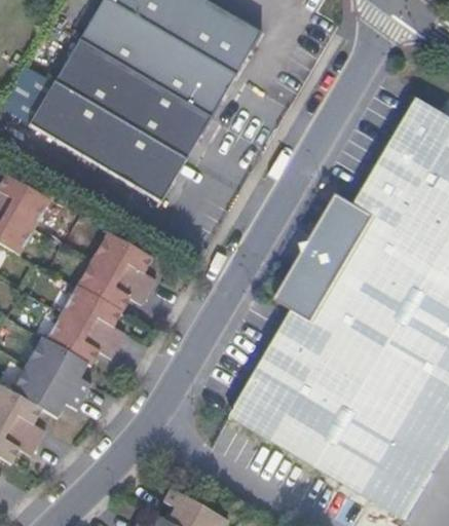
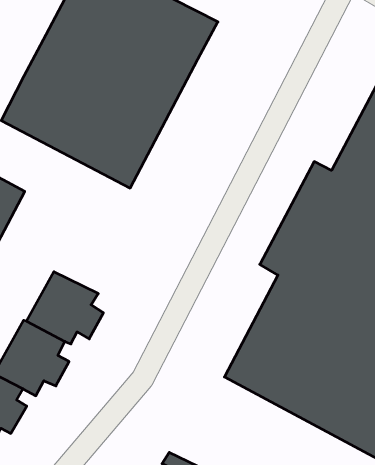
building: [69,237,150,315] -> none

